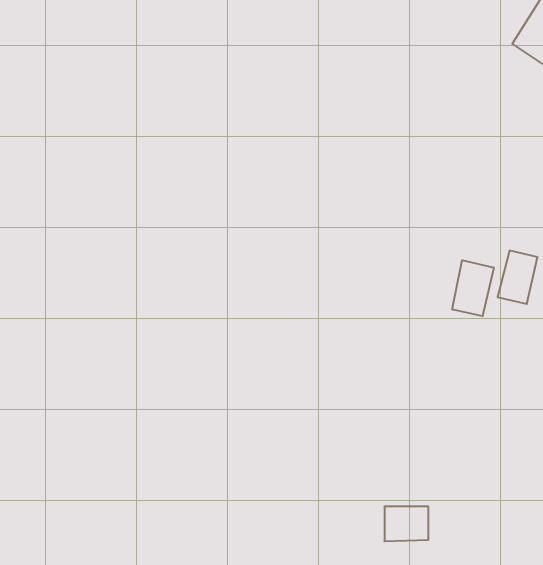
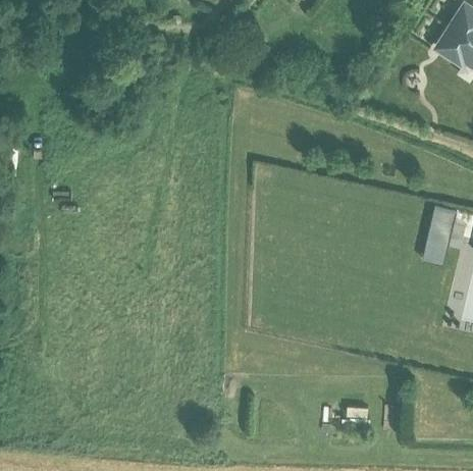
building: [452,260,494,316] -> none

